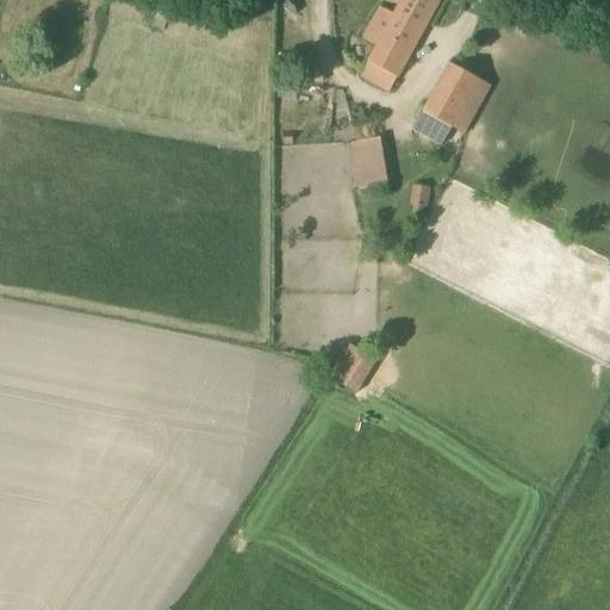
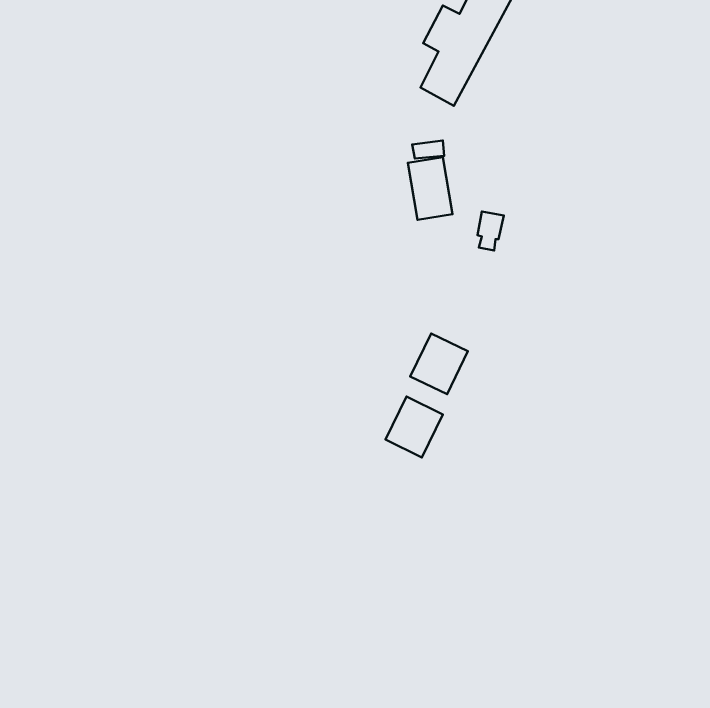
building: [411,61,490,144] -> none
building: none -> [410,334,468,394]

